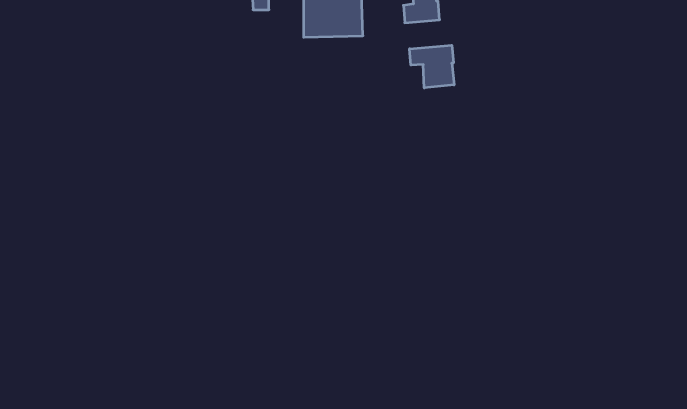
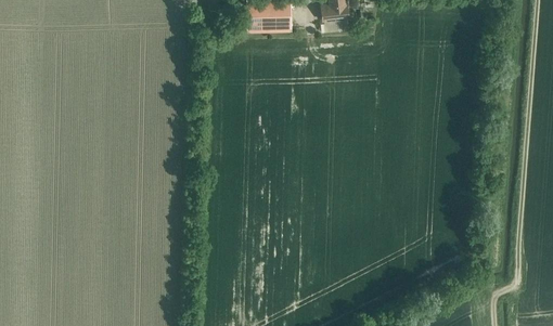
building: [410,45,454,88] -> none

